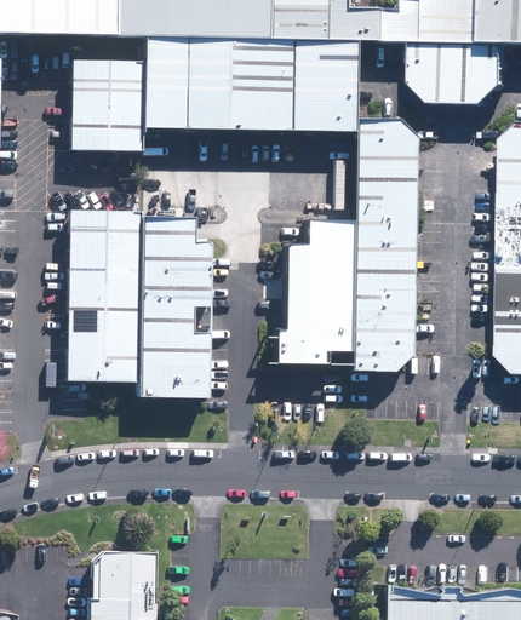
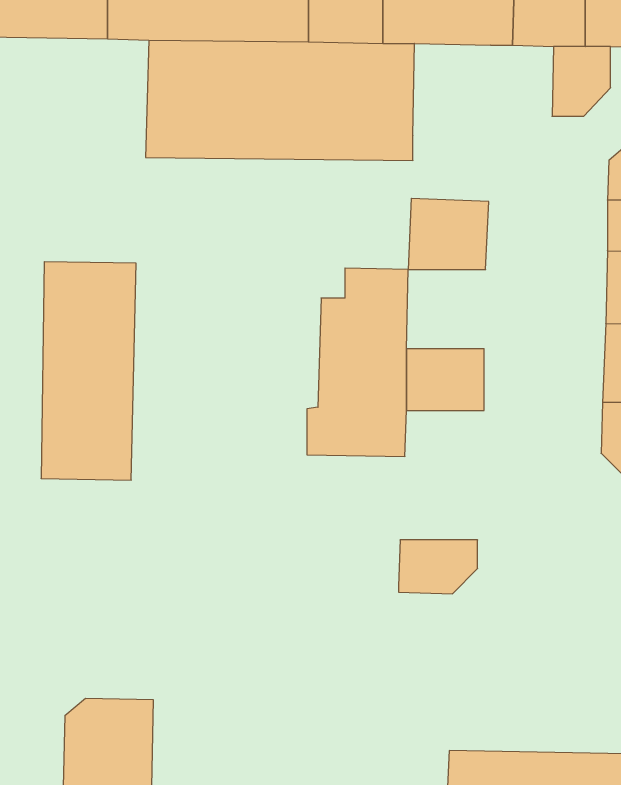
building: [412,46,460,101] -> none
building: [69,63,145,155] -> none
building: [351,115,411,166] -> none
building: [139,209,211,401] -> none
building: [348,218,408,279] -> none
building: [347,326,407,367] -> [399,540,478,594]

